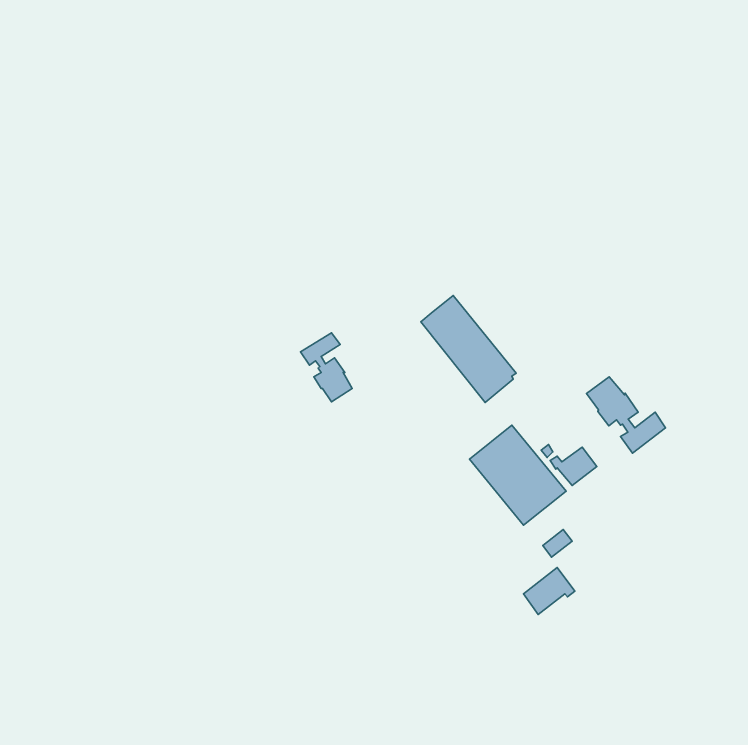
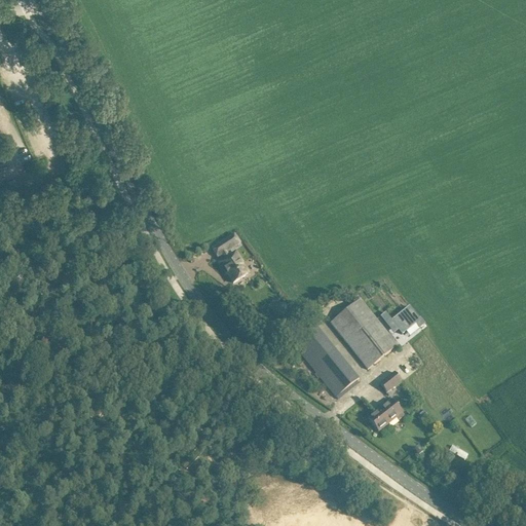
building: [421,295,516,403] -> [292,323,359,398]
building: [587,377,666,453] -> none

